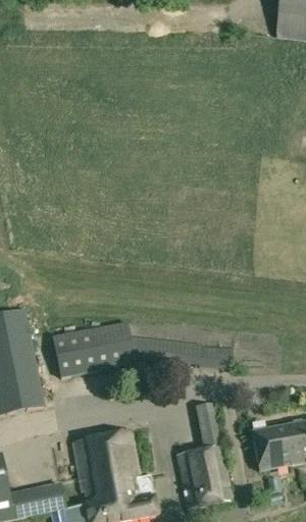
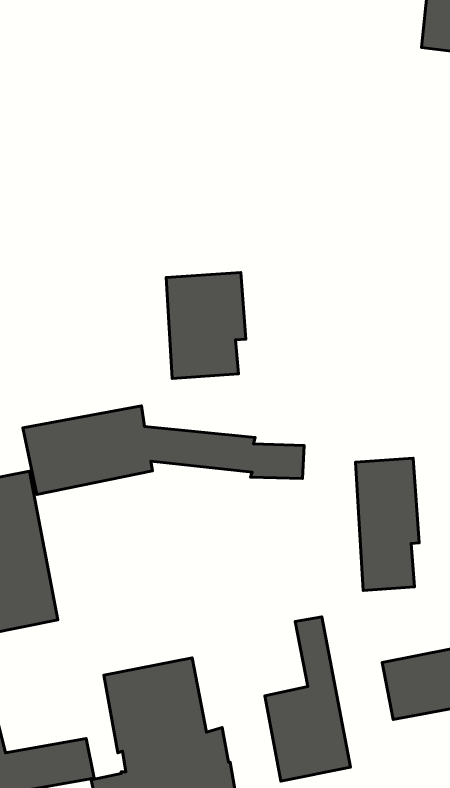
building: none -> [166,273,246,378]
building: none -> [355,458,419,591]
building: [51,319,233,376] -> [23,406,304,494]

